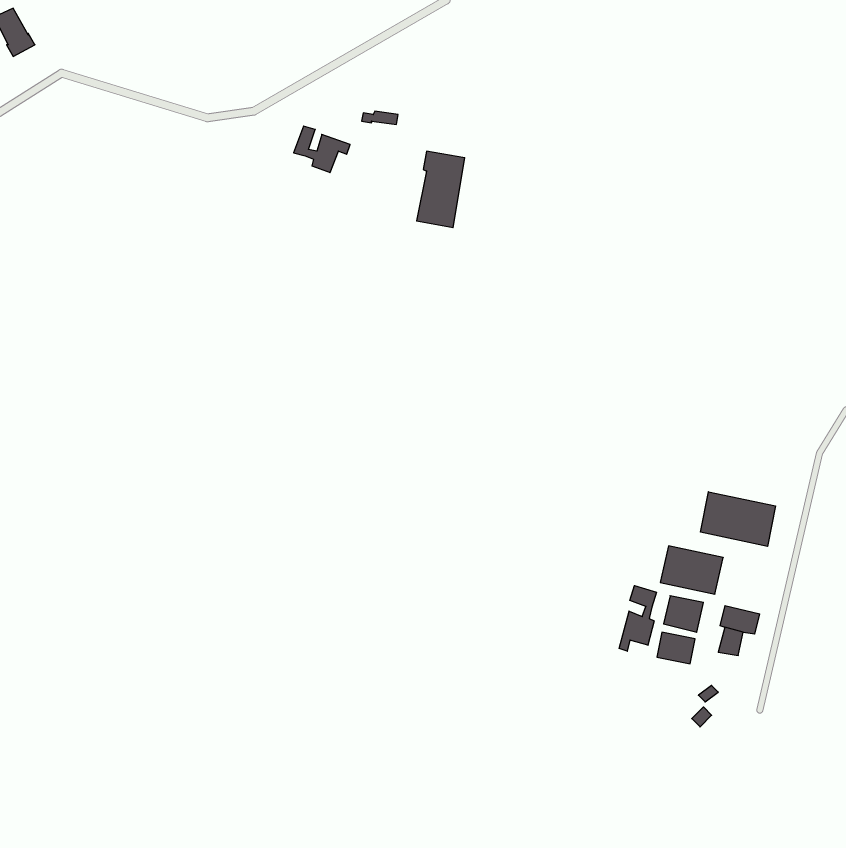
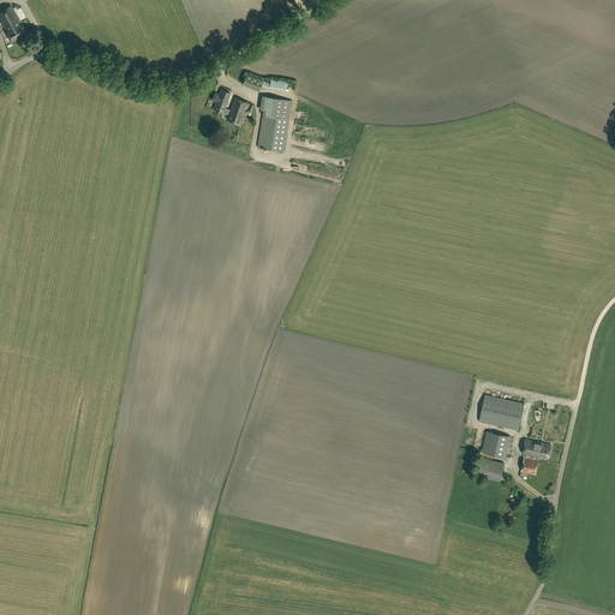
building: [417,151,465,228] -> [256,96,291,151]
building: [701,492,775,546] -> none
building: [619,586,656,651] -> none

